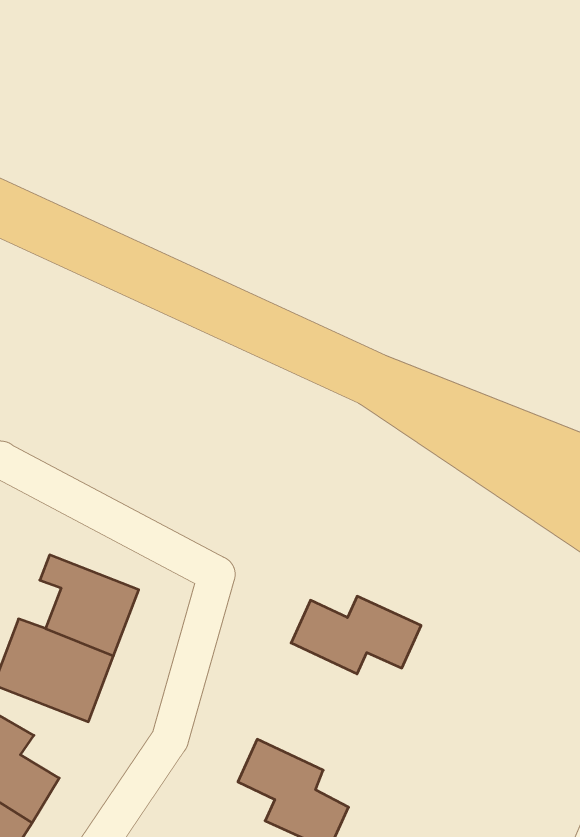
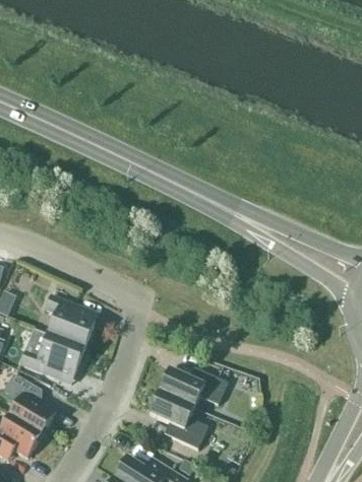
building: [291,596,421,674] -> [159,367,227,408]

